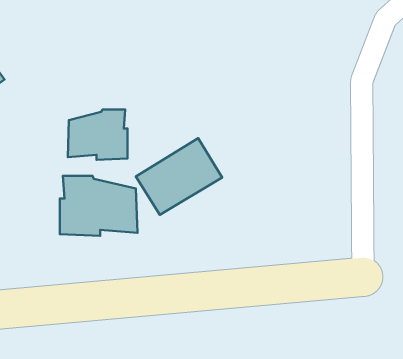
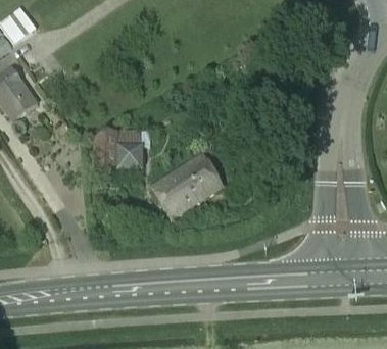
building: [60,176,137,236] -> none

